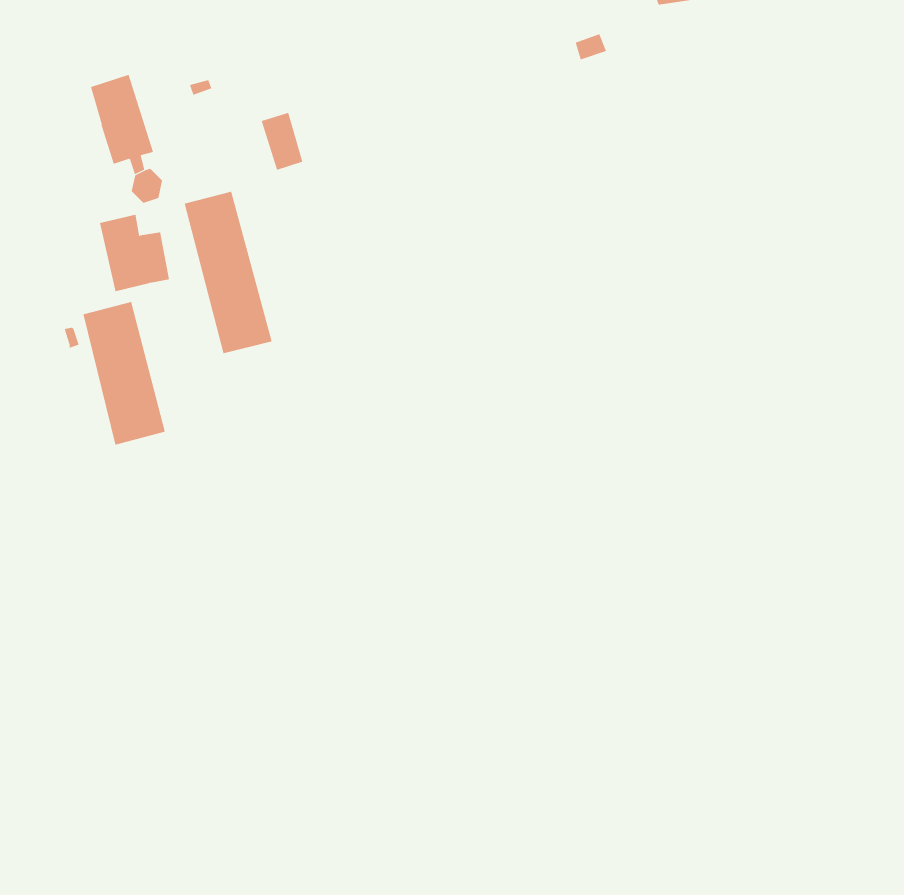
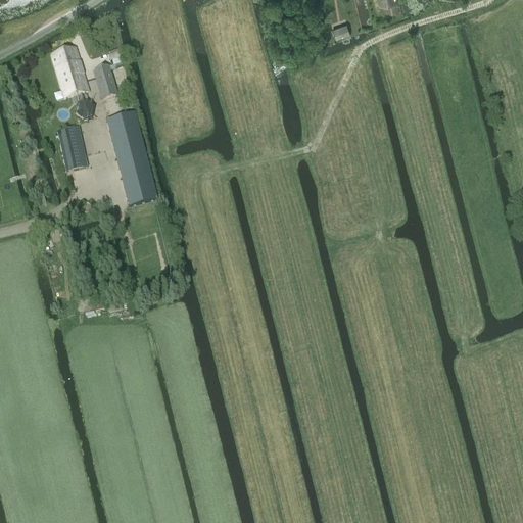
building: [261,112,303,171] -> [93,62,117,96]
building: [83,301,165,445] -> none

